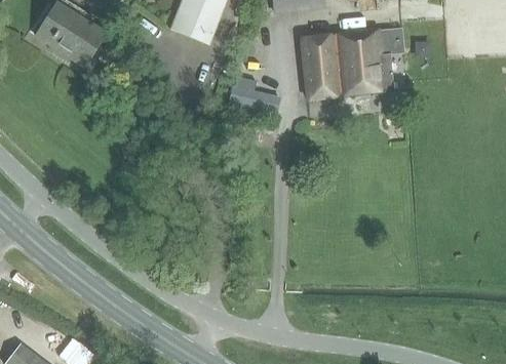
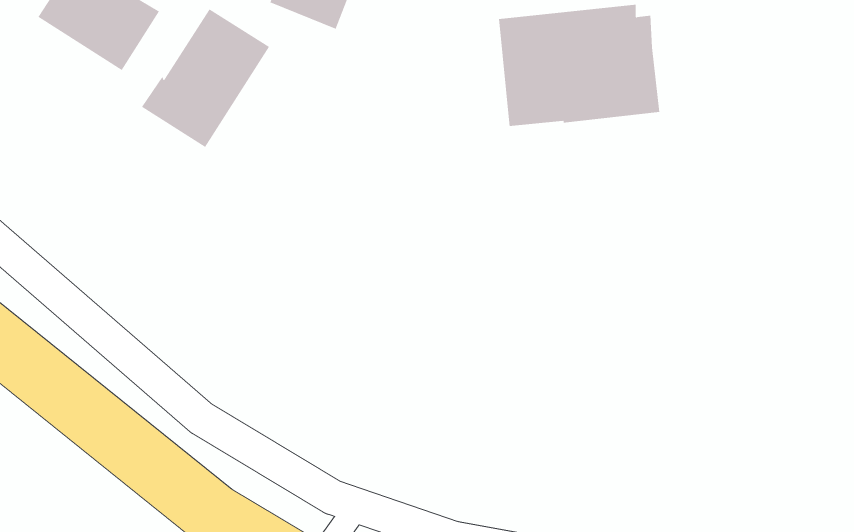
building: none -> [141,8,270,148]
building: [229,76,281,113] -> none

